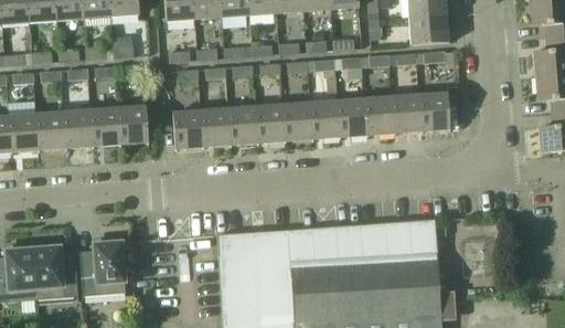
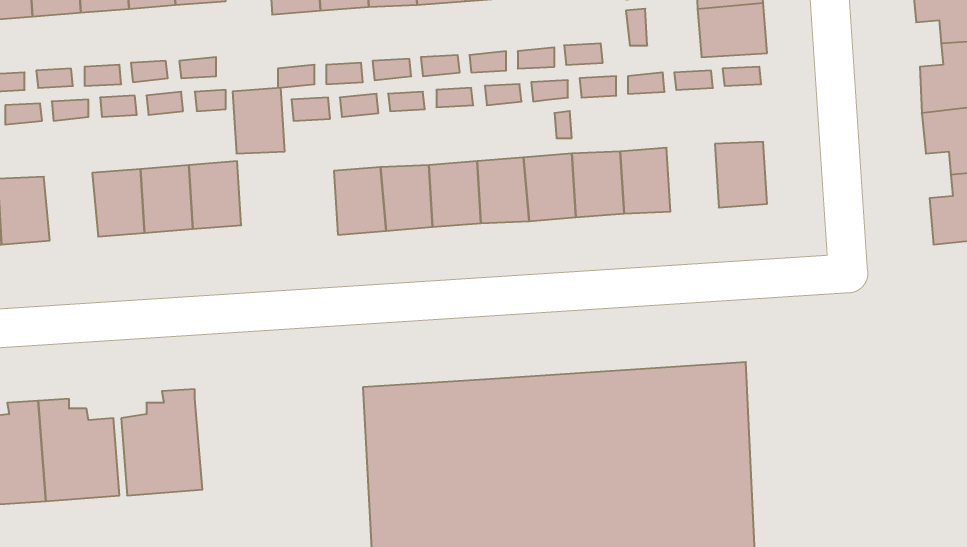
building: [391,95,420,134] -> none
building: [173,110,203,148] -> [233,88,285,153]
building: [35,112,66,150] -> none

